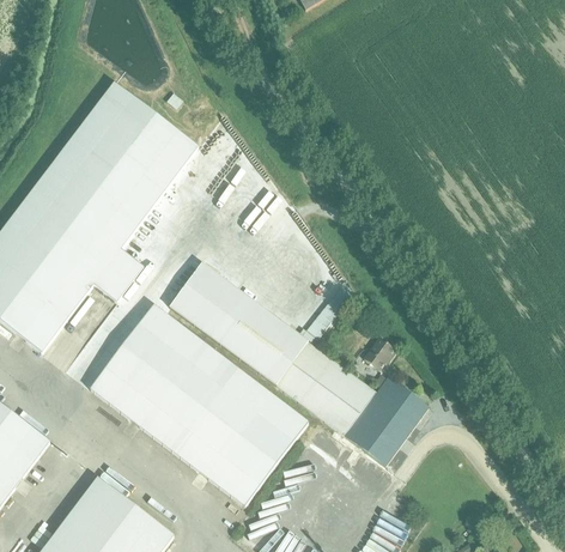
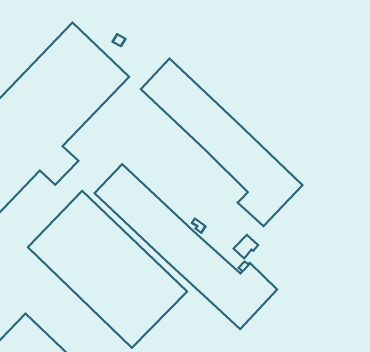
building: none -> [141,59,303,226]

